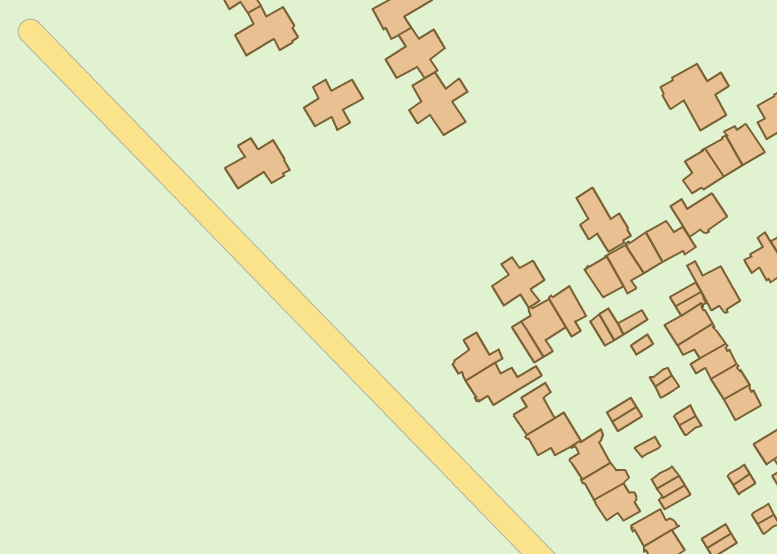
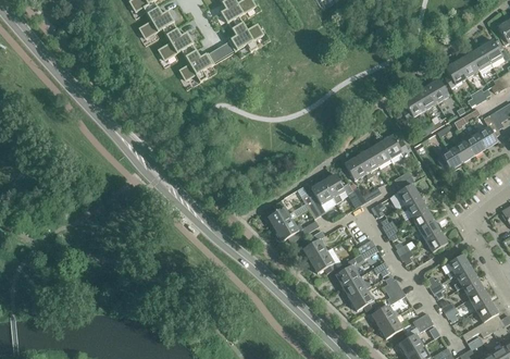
building: [661,64,729,131] -> none
building: [409,72,468,135] -> none
building: [225,138,290,188] -> [158,30,196,60]
building: [576,188,631,252] -> none
building: [670,193,727,237] -> none
building: [492,257,544,308] -> none
building: [687,261,740,313] -> none

